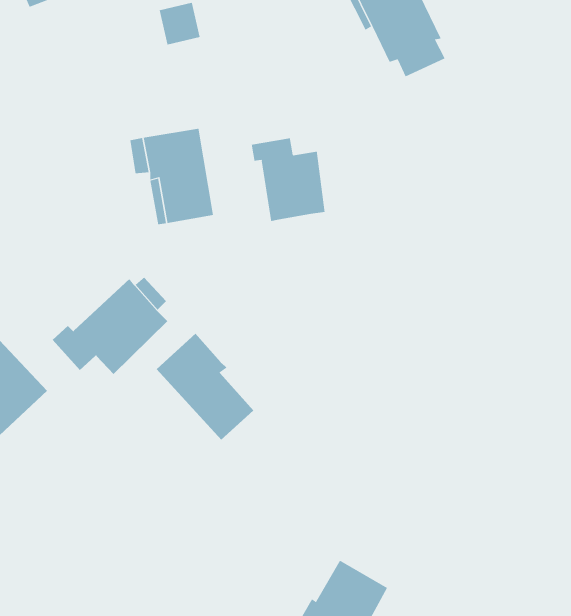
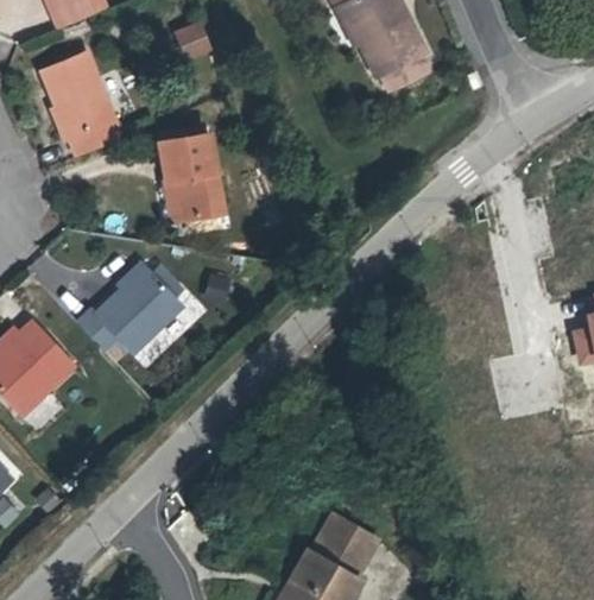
building: none -> [40,50,121,156]
building: [251,137,325,222] -> none
building: [156,333,254,441] -> none

